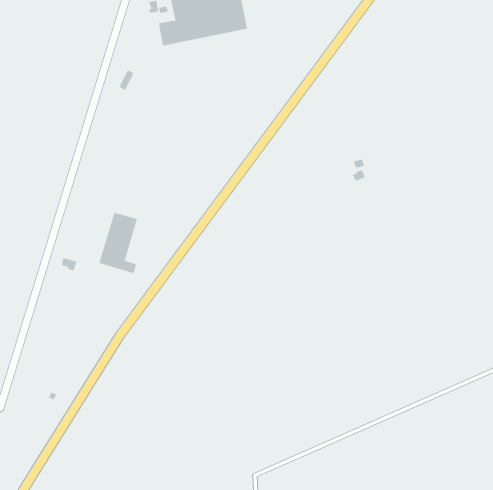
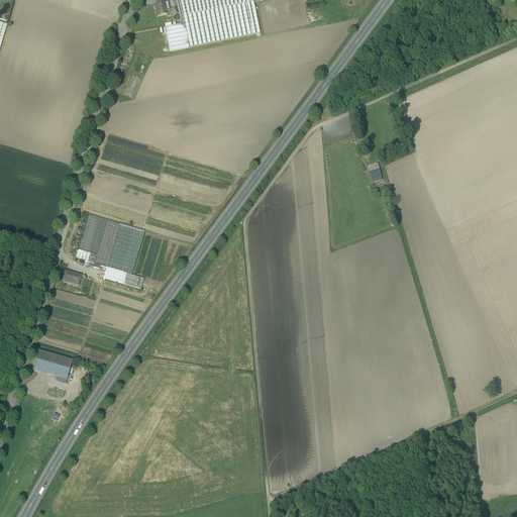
building: none -> [75,212,119,266]
building: none -> [32,348,73,378]

